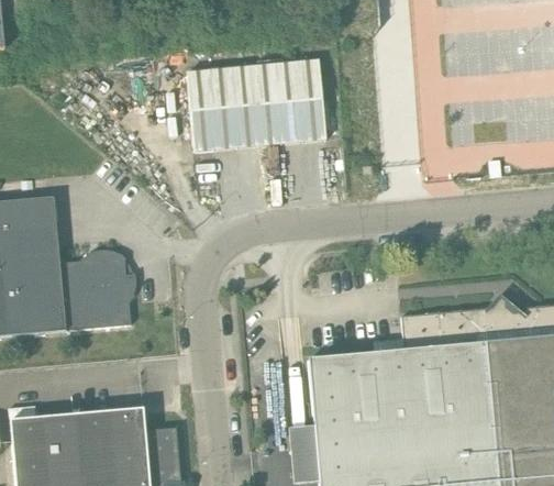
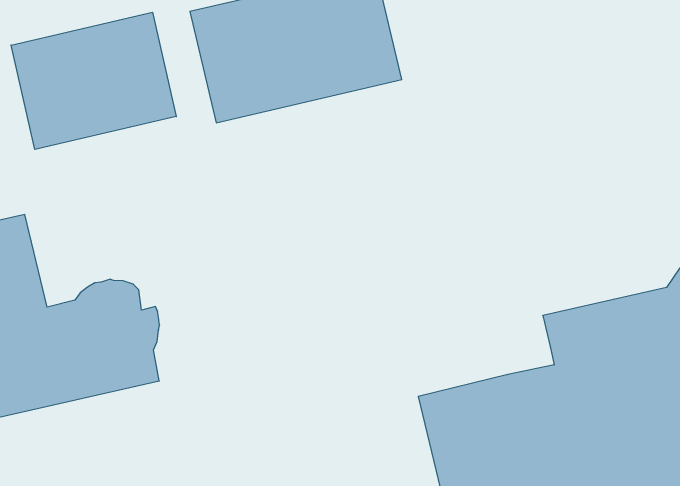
building: none -> [11,12,176,149]

